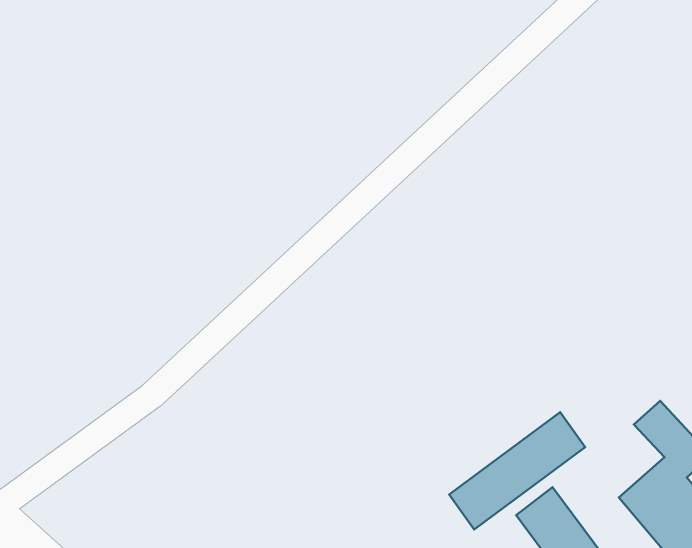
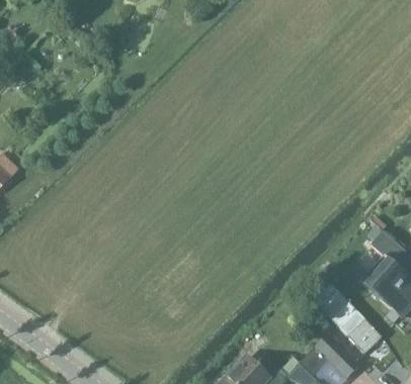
building: [449,412,585,529] -> none

